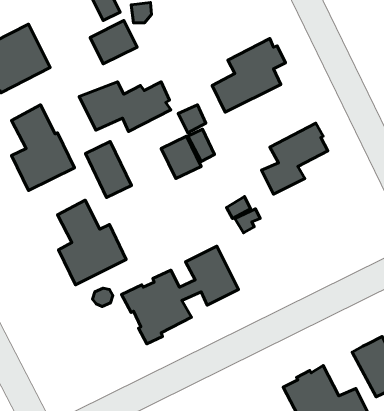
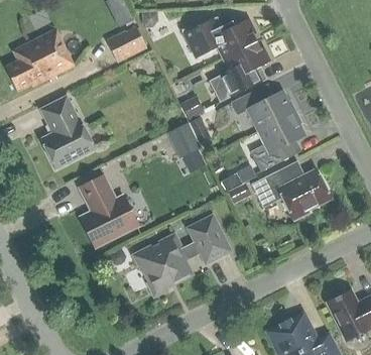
building: [79,82,171,131] -> [180,17,257,58]
building: none -> [231,90,295,131]
building: [85,141,131,197] -> none
building: none -> [251,168,331,219]

